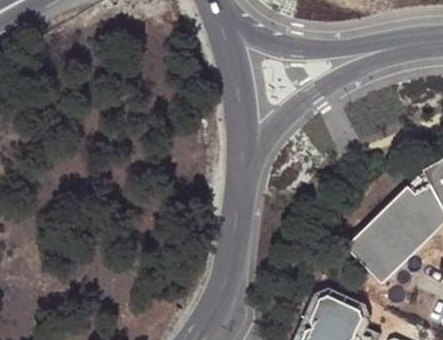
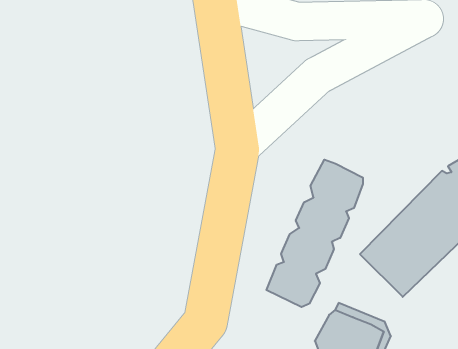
building: none -> [266,160,363,307]

